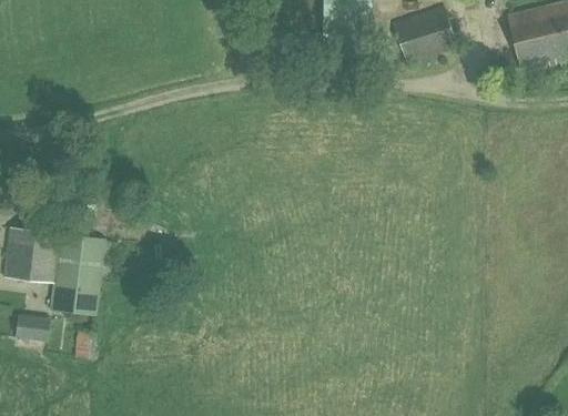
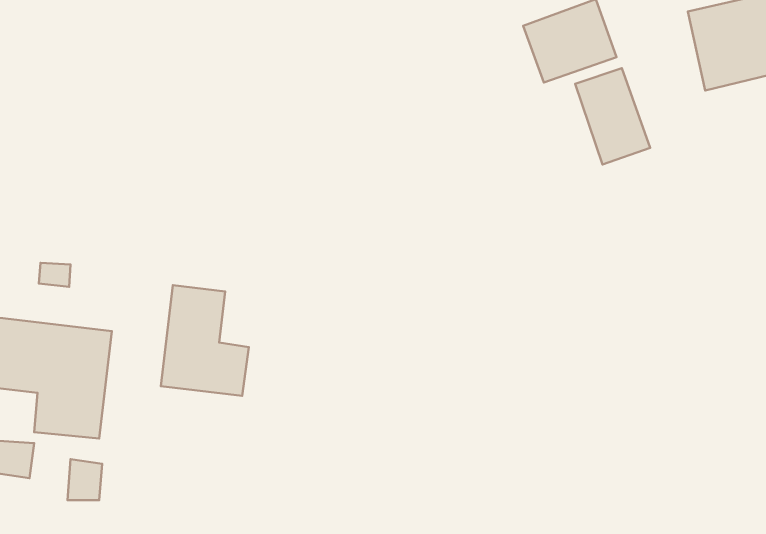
building: none -> [575,68,650,165]
building: none -> [161,285,249,396]

